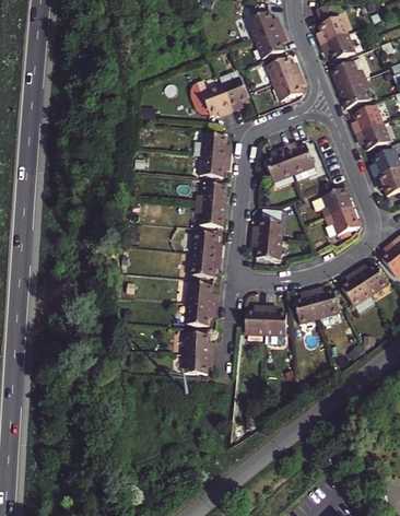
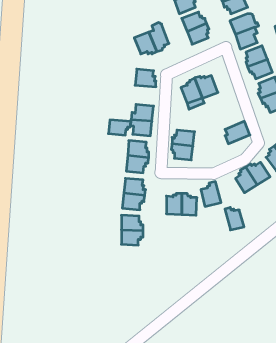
building: [200,156,231,177] -> [108,120,131,135]
building: [311,186,351,216] -> none
building: [311,285,338,316] -> [225,207,244,230]

